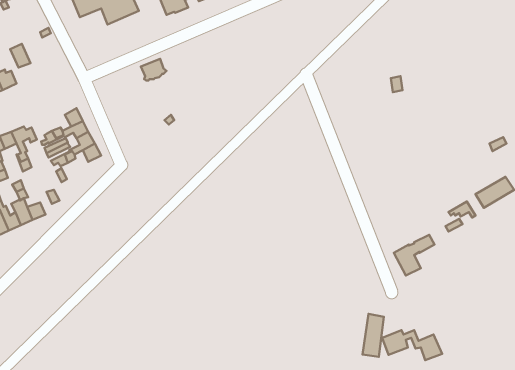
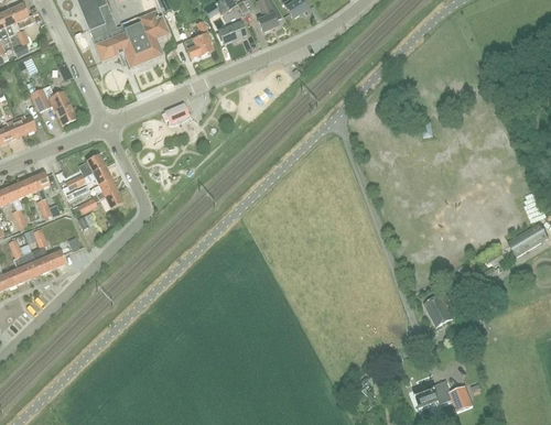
building: none -> [42,85,76,123]
building: [363,314,384,357] -> none

